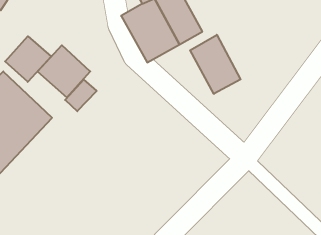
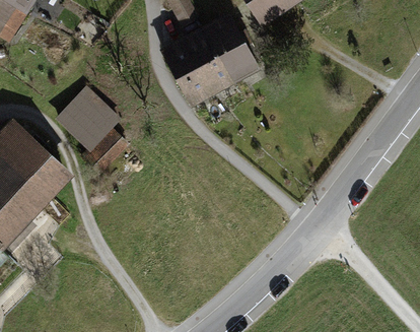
building: [190,35,241,94] -> none
building: [5,36,51,82] -> none

